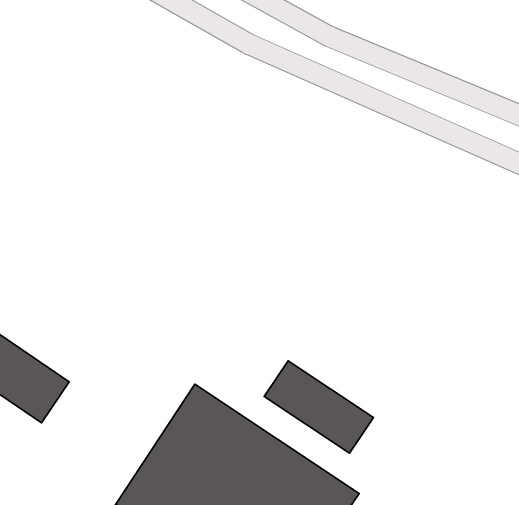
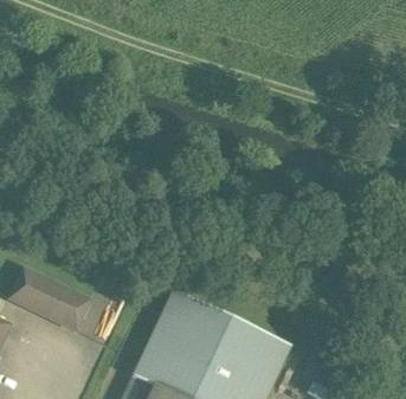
building: [264,361,373,453] -> none

